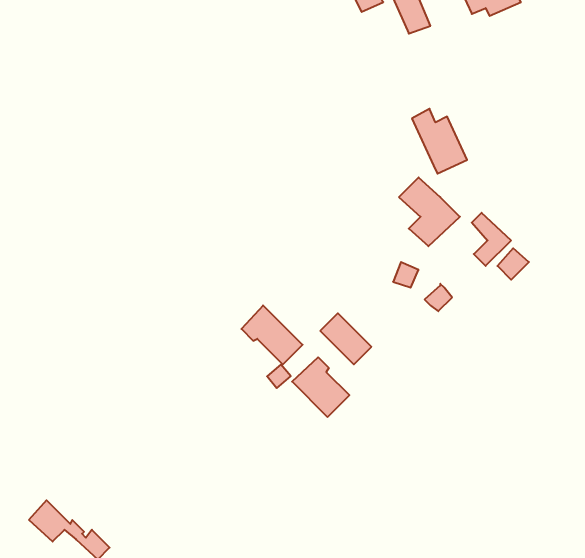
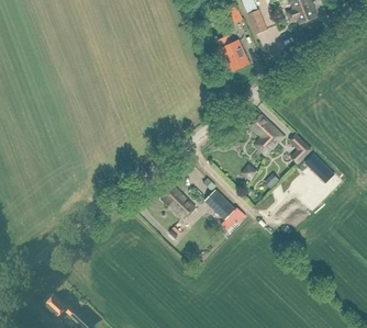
building: [412,109,467,174] -> [219,34,249,70]
building: [292,357,349,417] -> none

